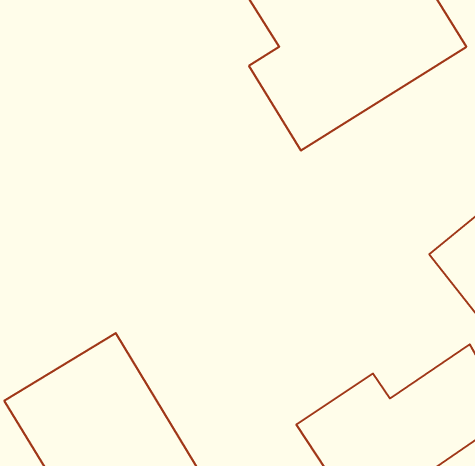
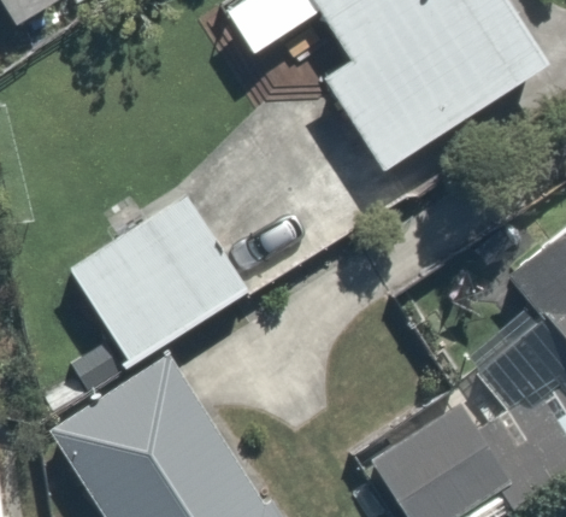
building: none -> [71,198,244,365]

